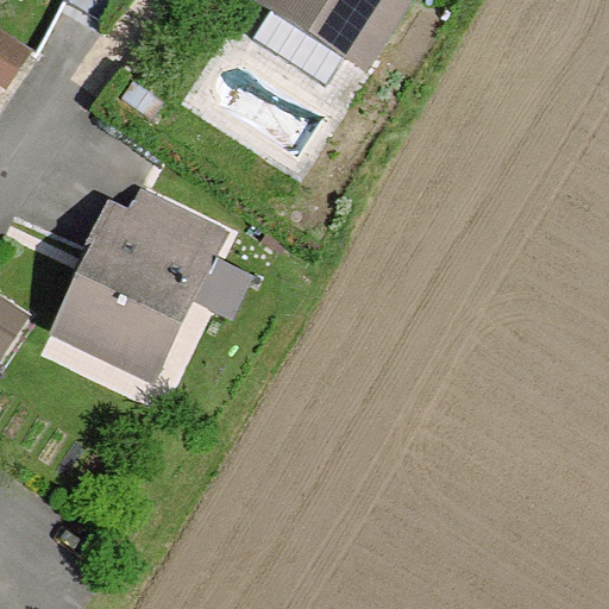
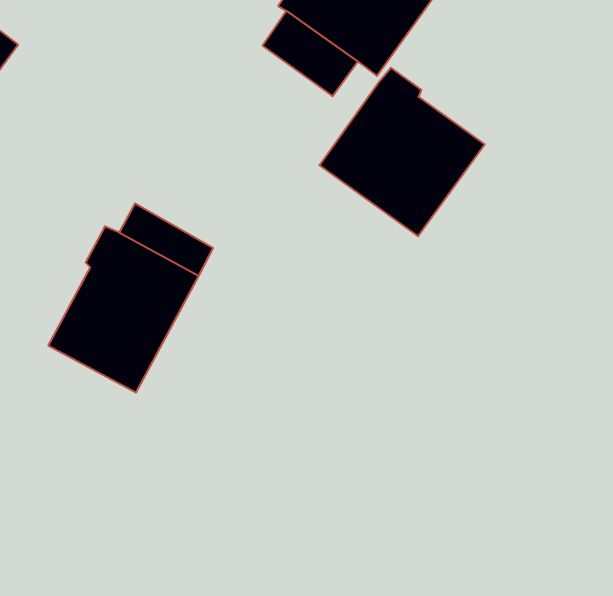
building: none -> [319,68,485,236]

